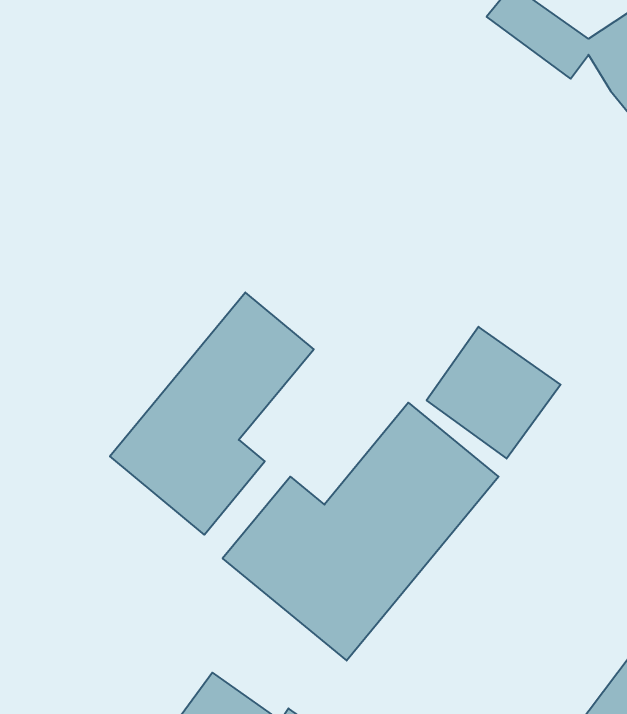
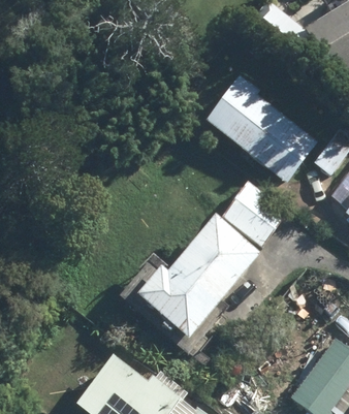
building: none -> [204,74,318,181]
building: [110,292,314,535] -> none

